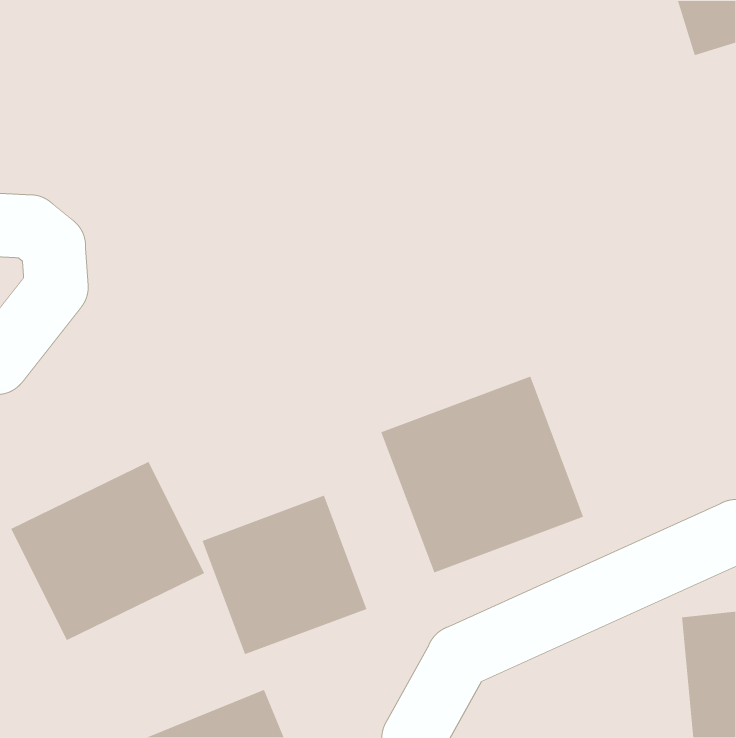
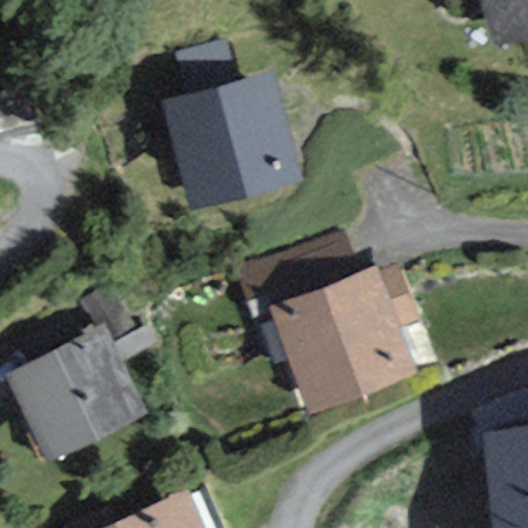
building: none -> [164,71,301,206]
building: [201,495,367,655] -> none

